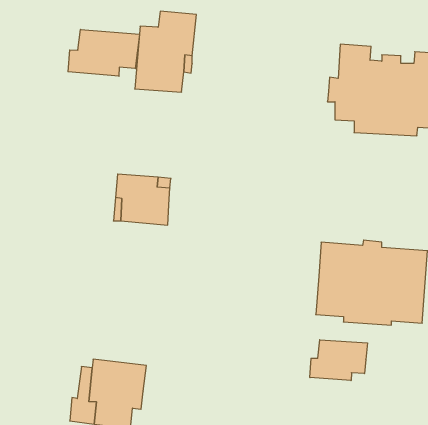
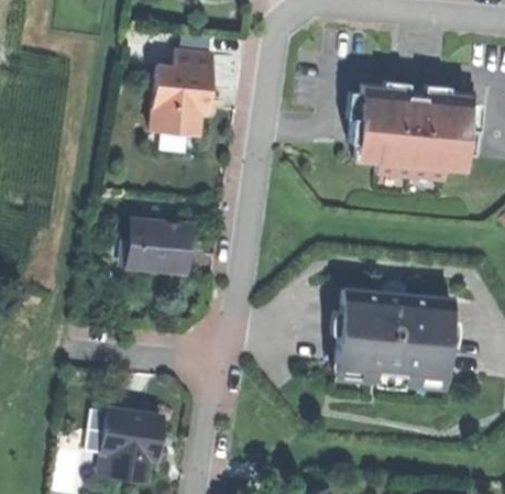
building: [68,29,139,76] -> none
building: [310,340,367,381] -> none

